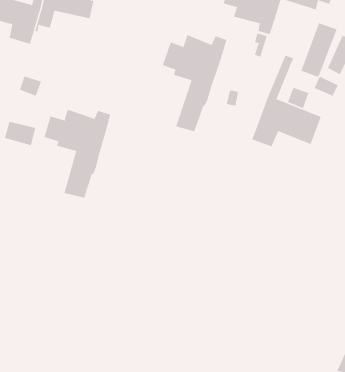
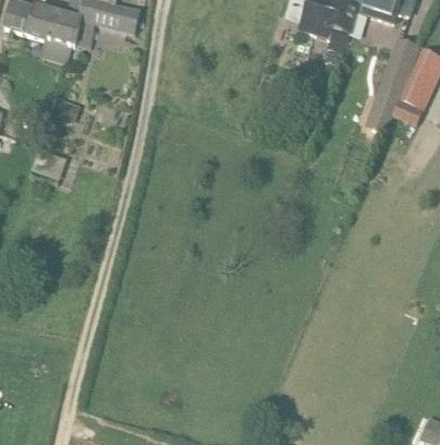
building: [162,34,227,132] -> none
building: [252,55,321,147] -> none
building: [44,109,111,199] -> none

